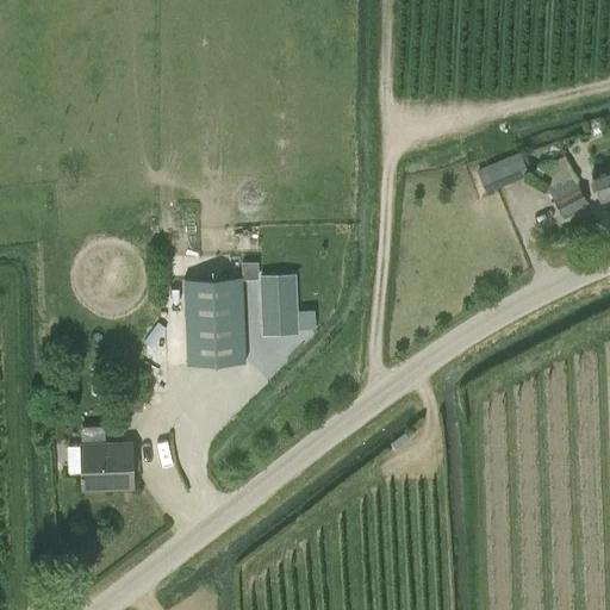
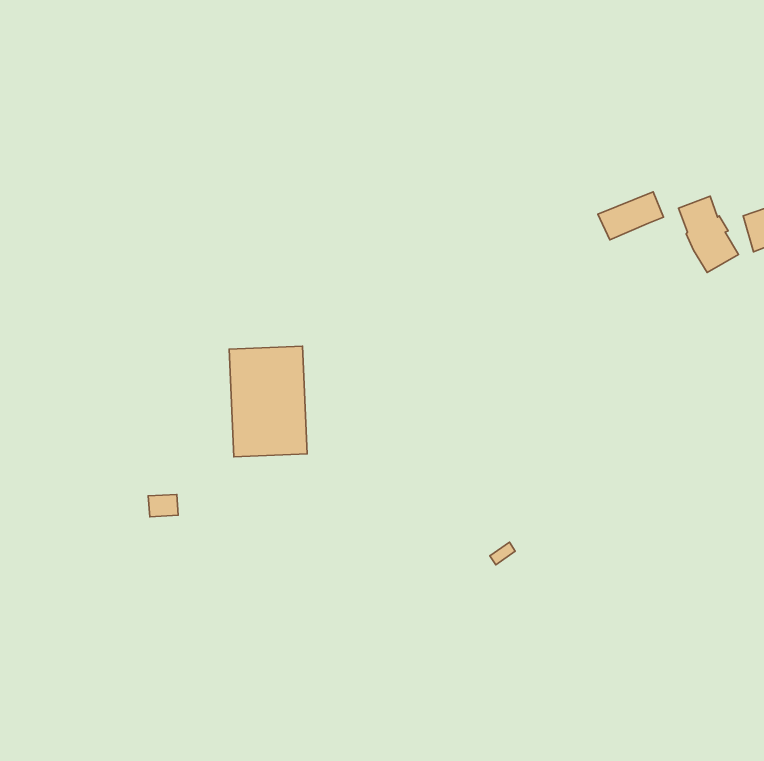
building: [264,273,298,334] -> none
building: [80,444,132,492] -> none

